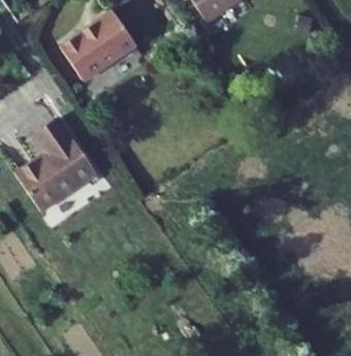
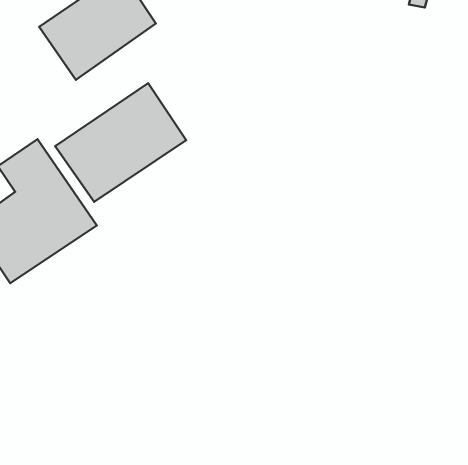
building: none -> [55,83,186,202]

